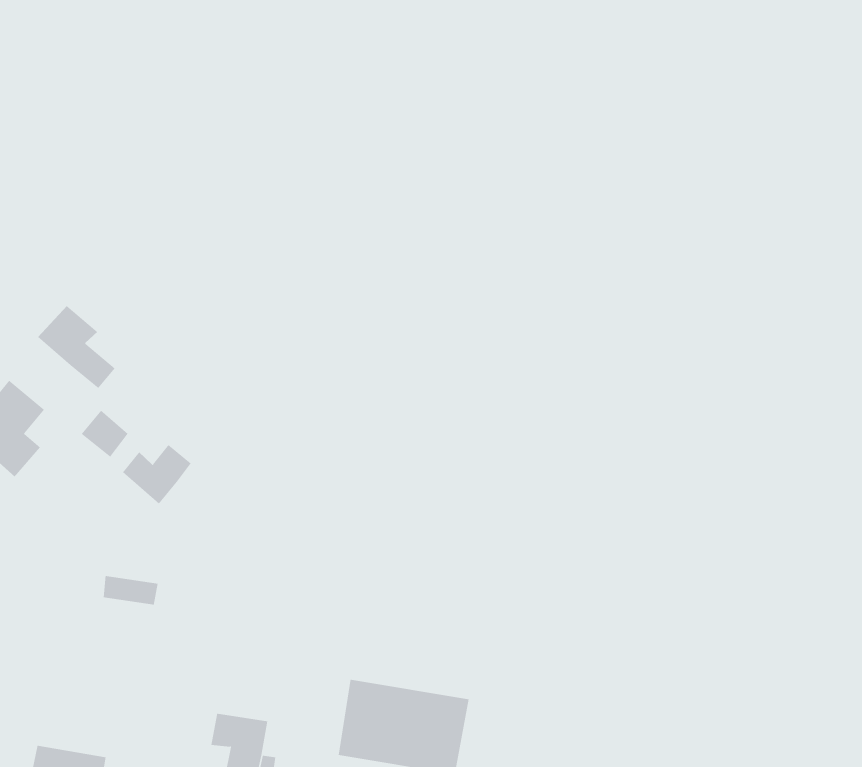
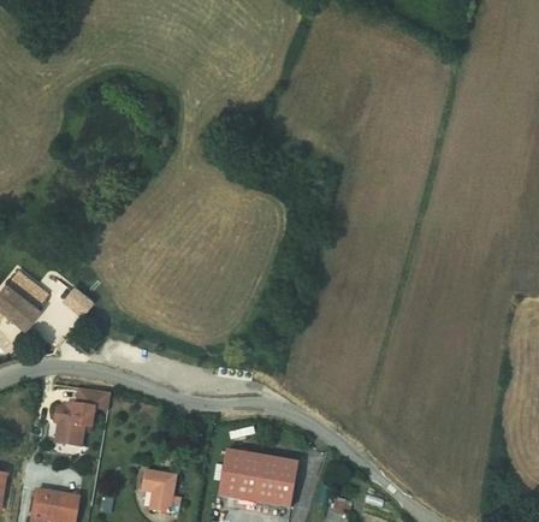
building: [37,305,115,389] -> none
building: [122,444,192,504] -> none
building: none -> [53,403,93,445]

